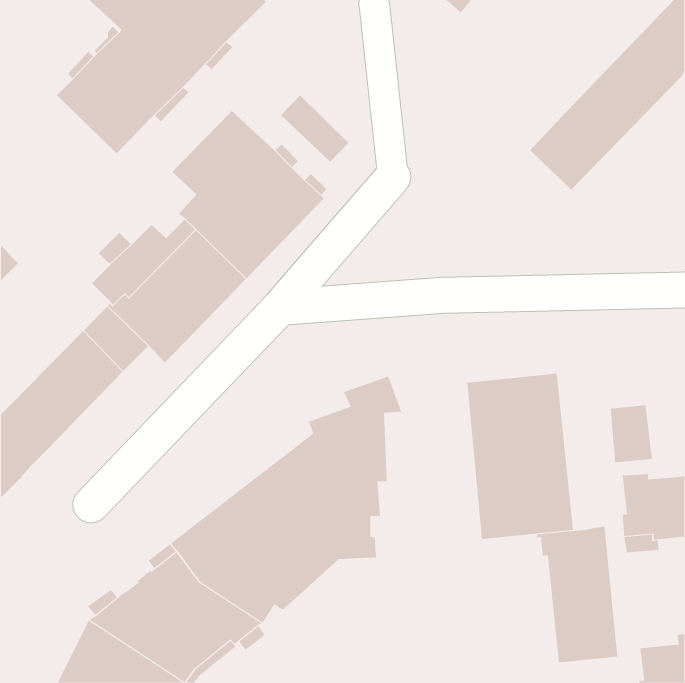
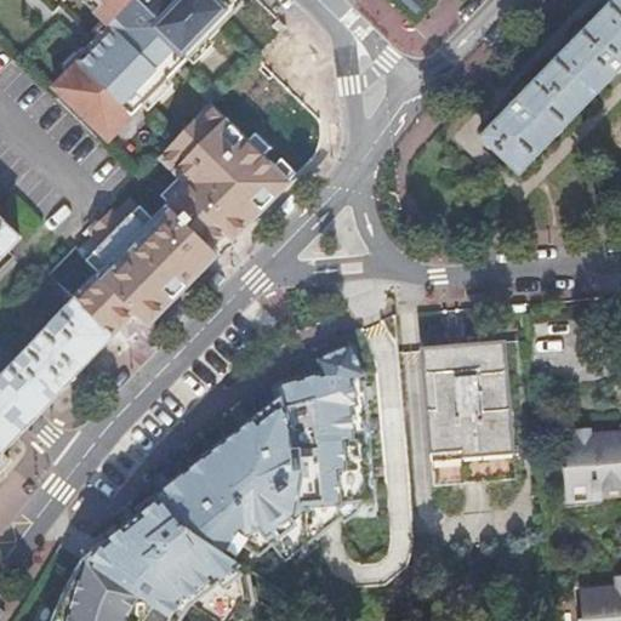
building: [280,94,349,162] -> none
building: [610,404,652,463] -> none
building: [537,526,618,663] -> none

